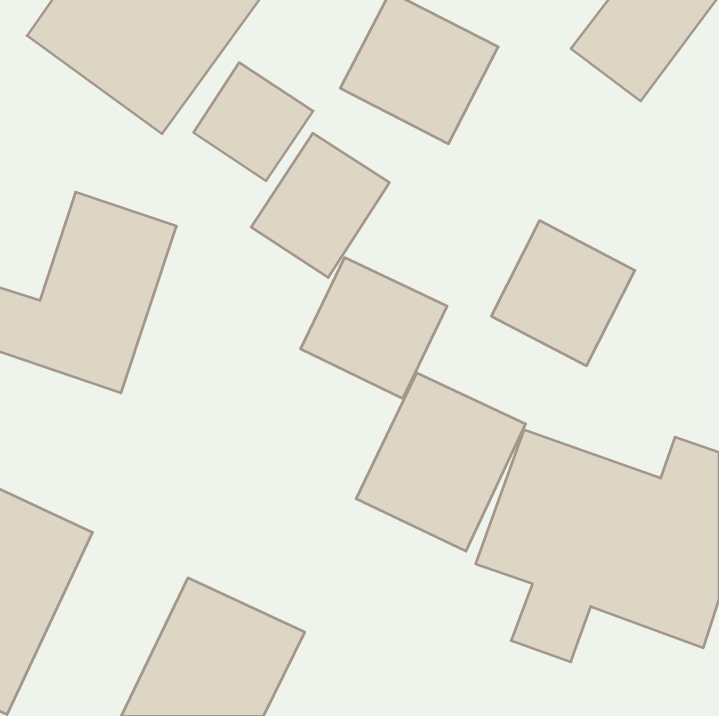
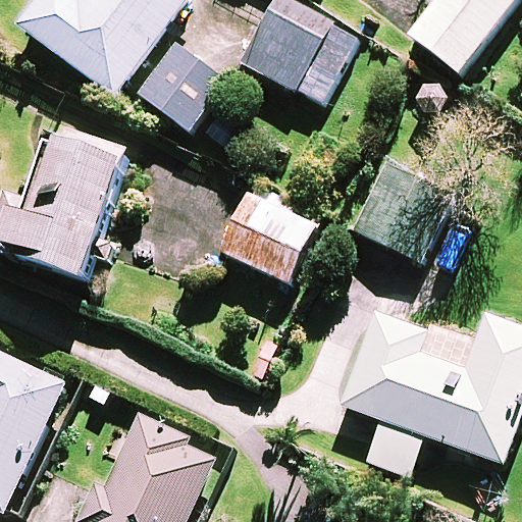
building: [251,133,389,278] -> none
building: [356,373,526,551] -> none

